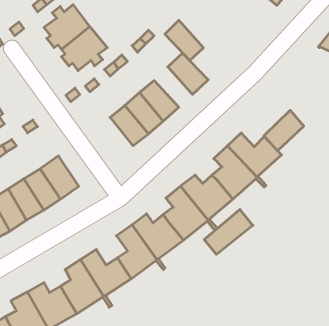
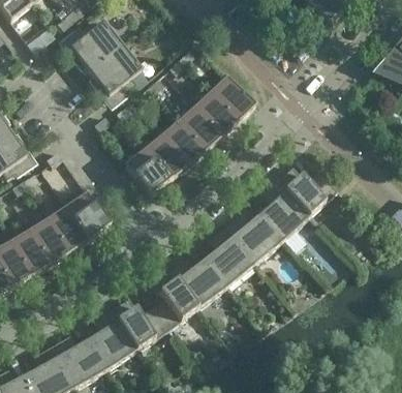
building: [165,20,203,61] -> [192,91,236,137]
building: [264,110,304,151] -> none
building: none -> [123,148,168,196]
building: [204,209,253,254] -> none

